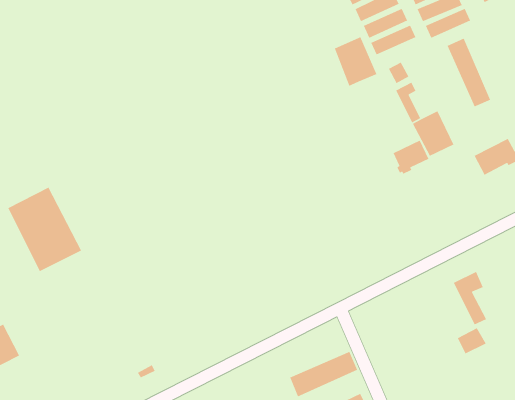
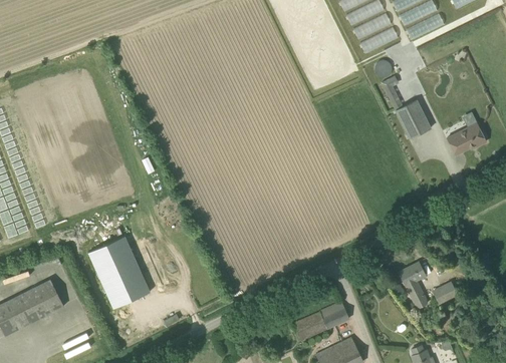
building: [334,36,378,87] -> none
building: [447,37,491,107] -> none
building: [392,139,430,175] -> none
building: [7,186,82,272] -> [89,233,153,305]
building: [453,271,487,326] -> [399,262,428,308]

